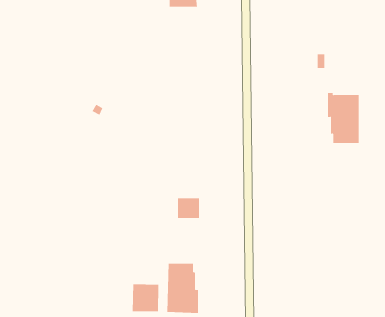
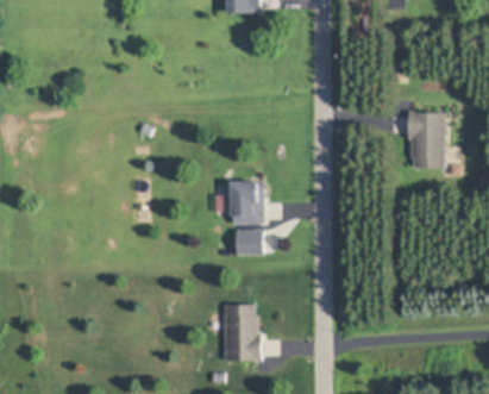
building: none -> [230,182,263,223]
building: [132,284,159,312] -> none

